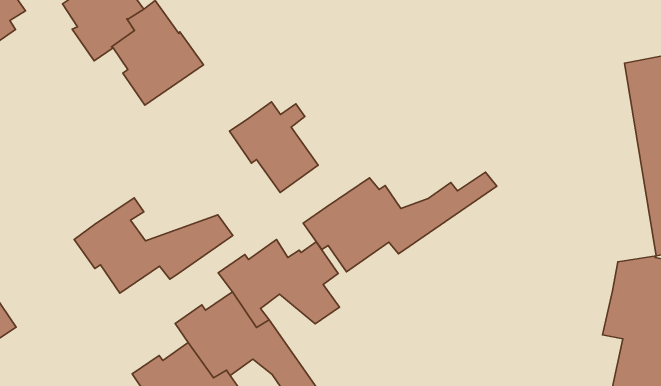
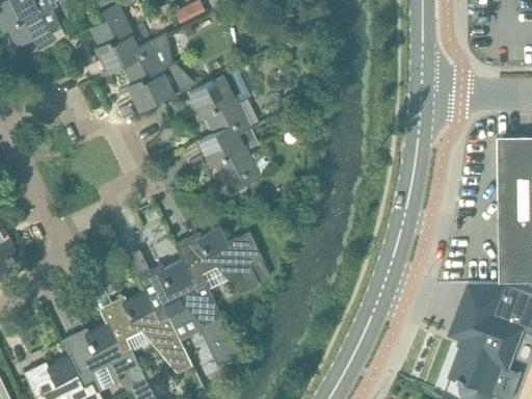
building: none -> [188,71,250,136]
building: [303,172,497,272] -> none
building: [74,198,233,293] -> none

